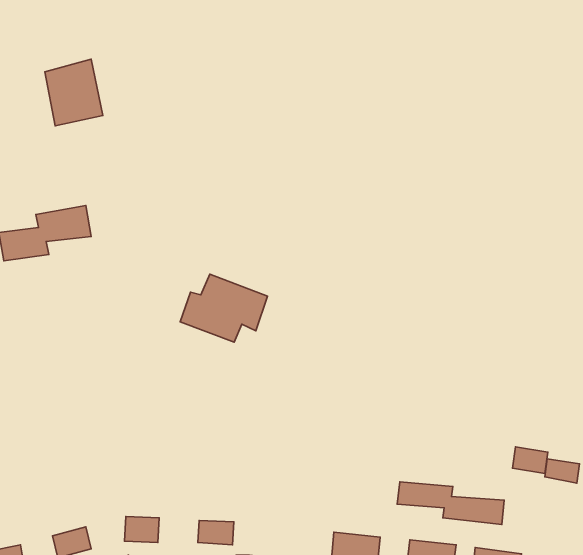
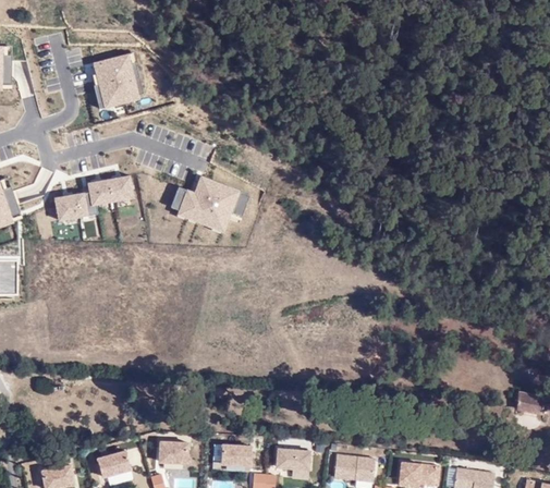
building: [180,274,267,342] -> [173,178,247,235]
building: [512,447,548,473] -> none
building: [397,482,504,525] -> none
building: none -> [276,448,309,468]

